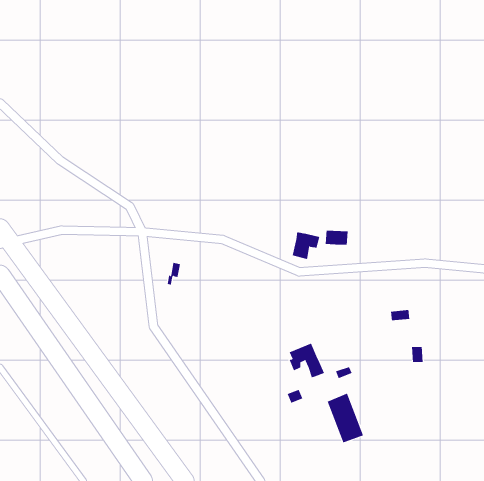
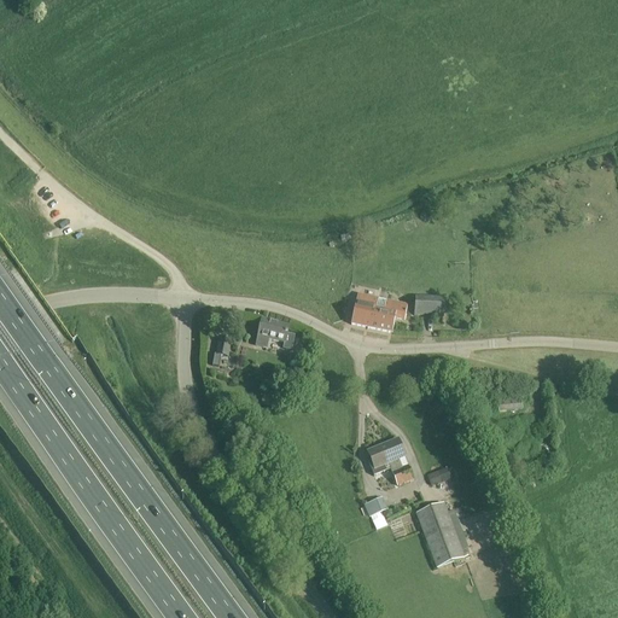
building: none -> [351,291,378,326]
building: none -> [256,317,293,346]

